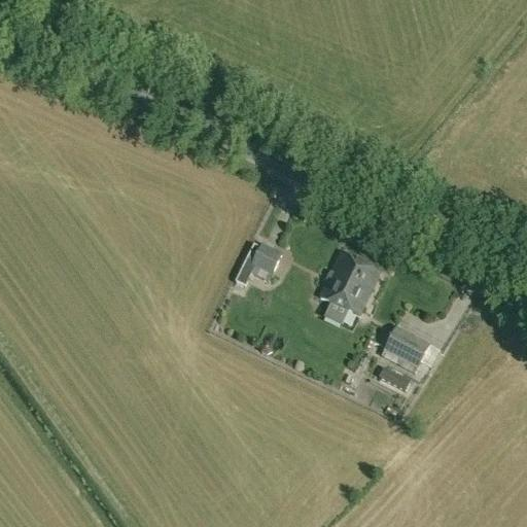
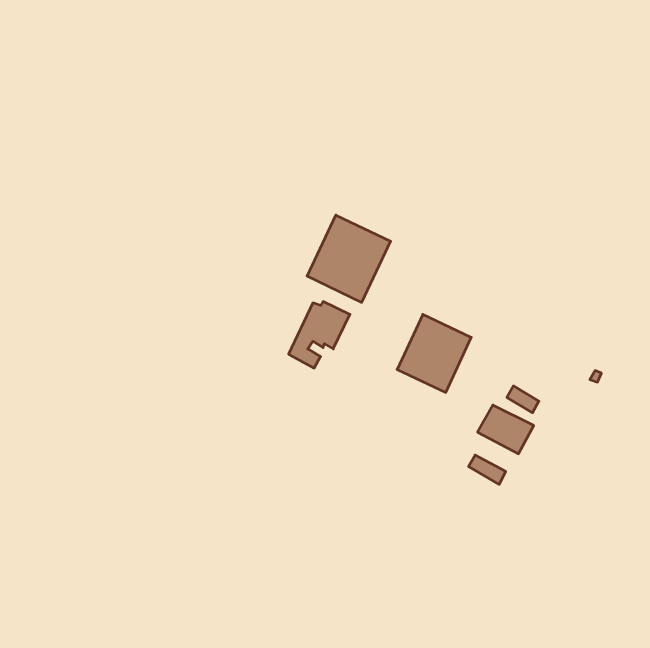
building: none -> [307,215,391,302]

